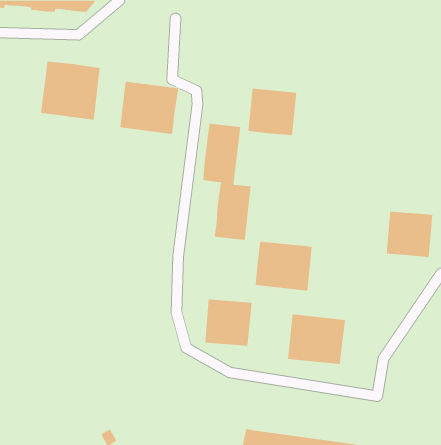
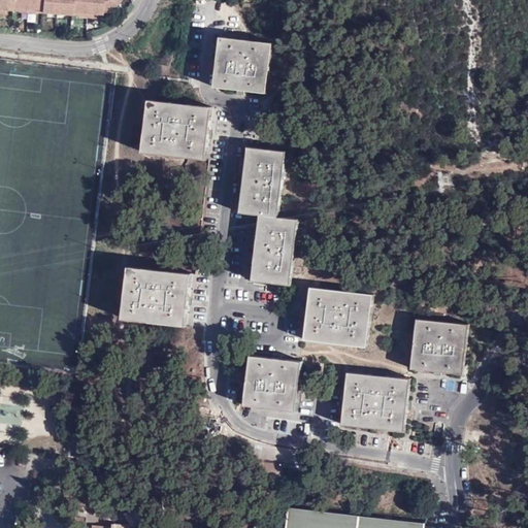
building: [40,61,100,121] -> none
building: [247,88,297,135] -> [212,37,271,93]
building: [386,211,433,257] -> [409,319,465,373]
building: none -> [120,266,189,326]

